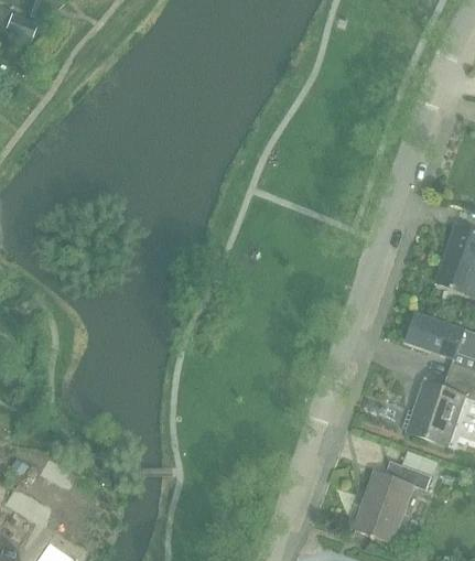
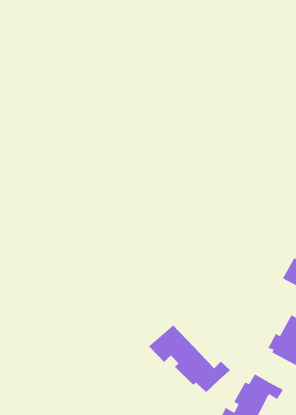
building: none -> [148,325,231,393]

